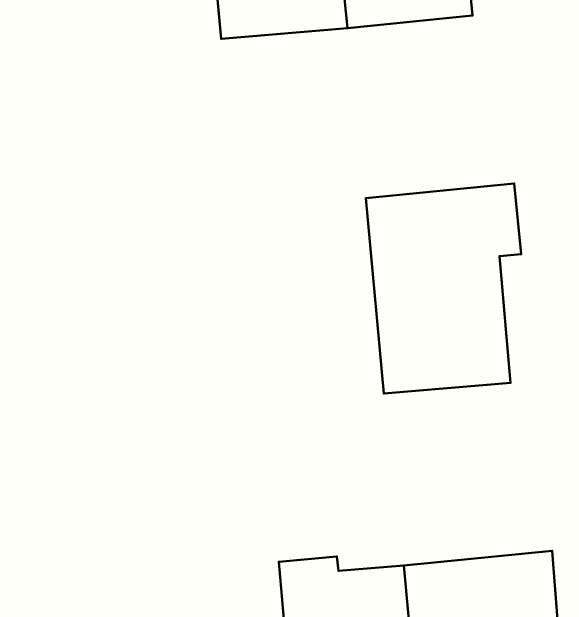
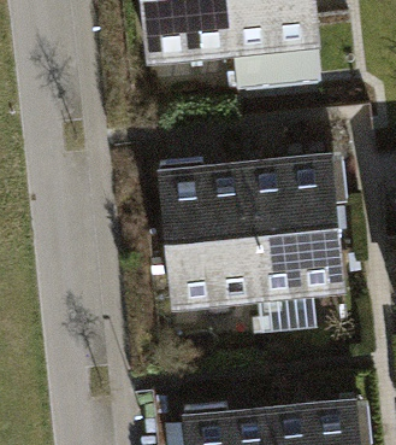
building: none -> [162,159,258,303]

